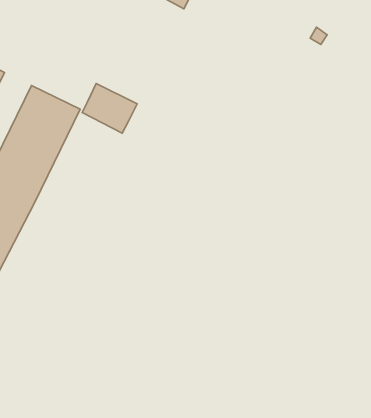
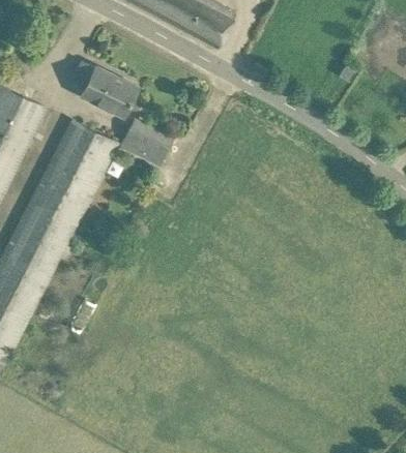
building: none -> [73,61,136,114]

